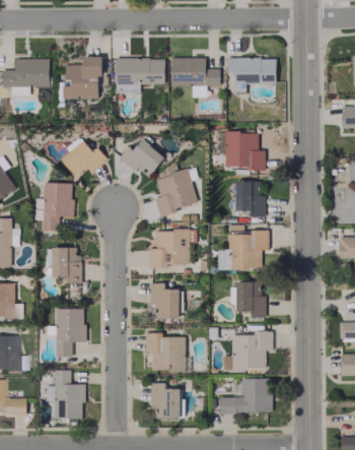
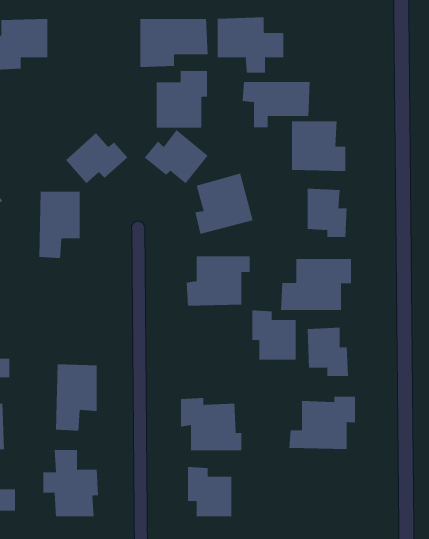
building: [65,57,102,99] -> [156,71,208,128]
building: [227,58,277,91] -> [242,81,311,128]
building: [47,247,80,283] -> none
building: [150,282,183,319] -> [251,310,296,360]
building: [219,378,272,413] -> none

